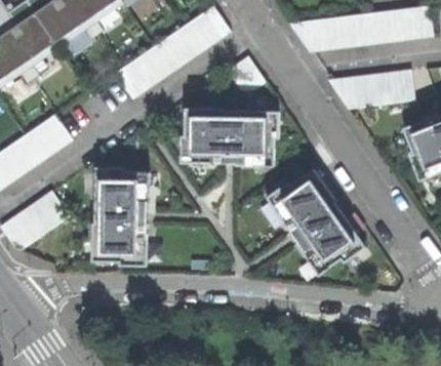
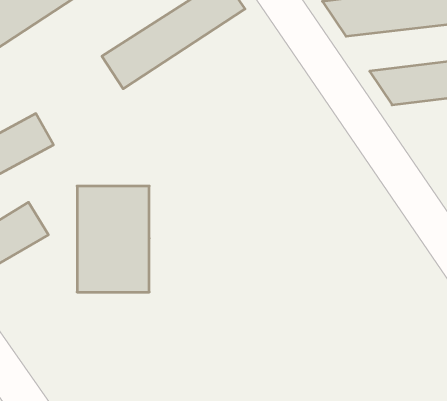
building: [190,114,281,161] -> none
building: [270,177,357,272] -> none

